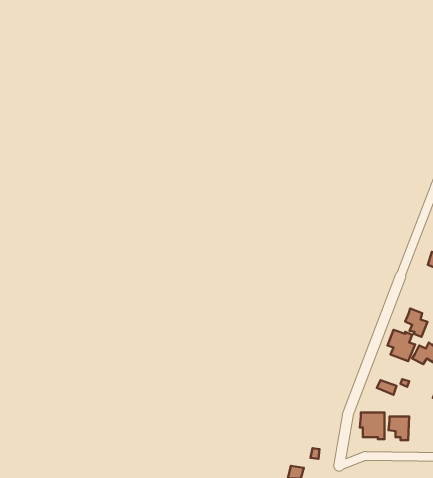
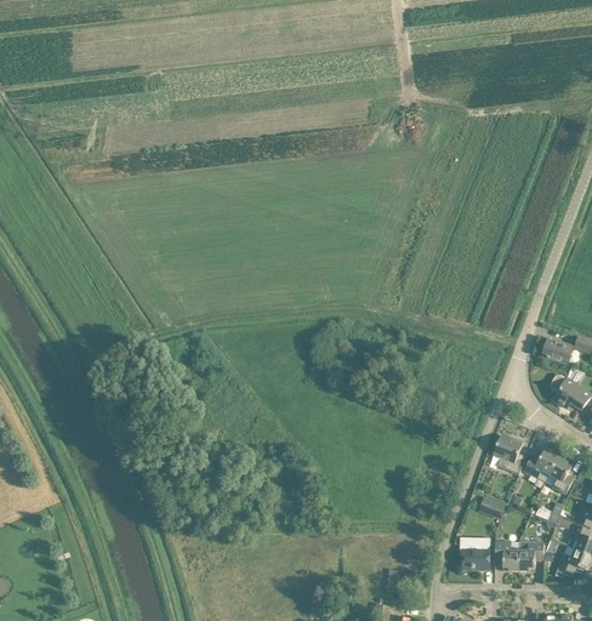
building: [405,308,428,337] -> none
building: none -> [518,541,543,570]

